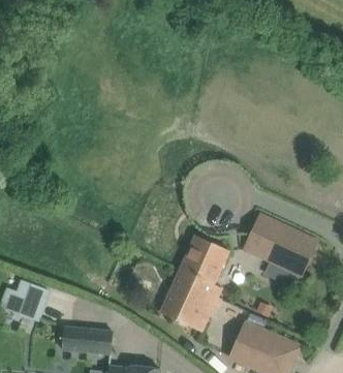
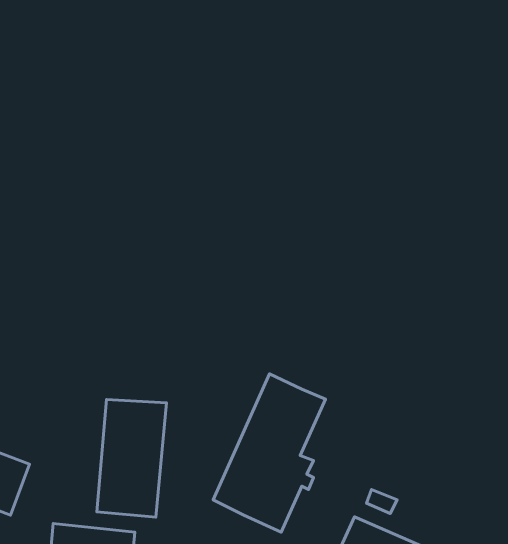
building: [241,212,318,277] -> none
building: none -> [97,399,166,517]

